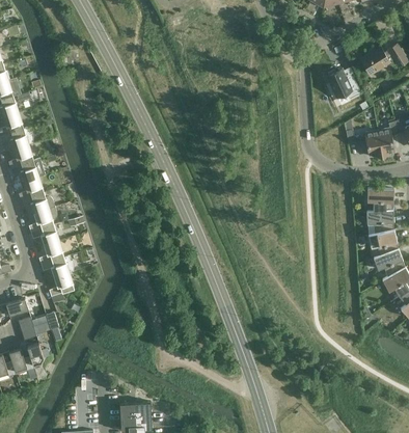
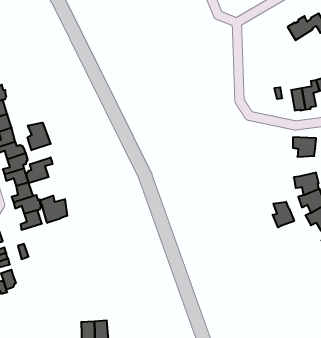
building: [326,69,360,98] -> none
building: none -> [28,123,51,150]
building: [365,210,392,234] -> none
building: none -> [27,157,53,183]
building: none -> [40,196,67,223]
building: none -> [273,202,294,227]

